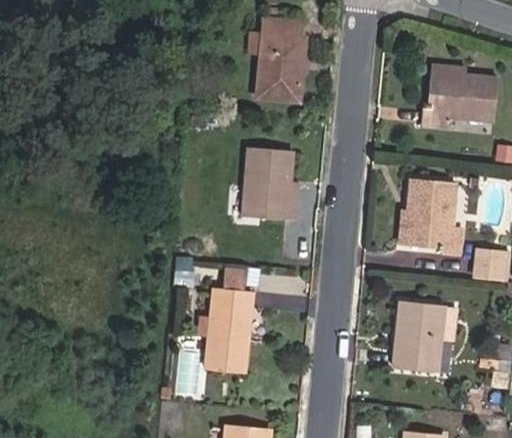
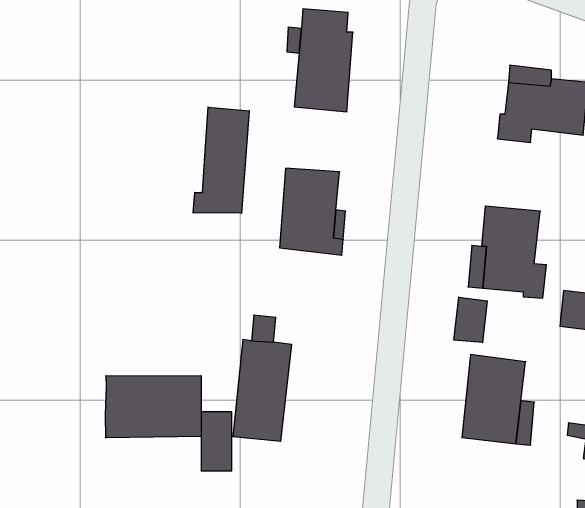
building: none -> [193,107,249,213]
building: none -> [454,297,487,343]
building: none -> [105,376,201,438]

